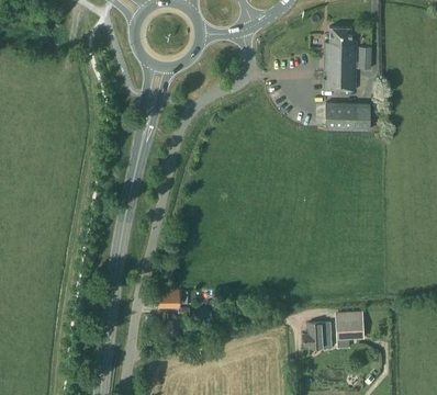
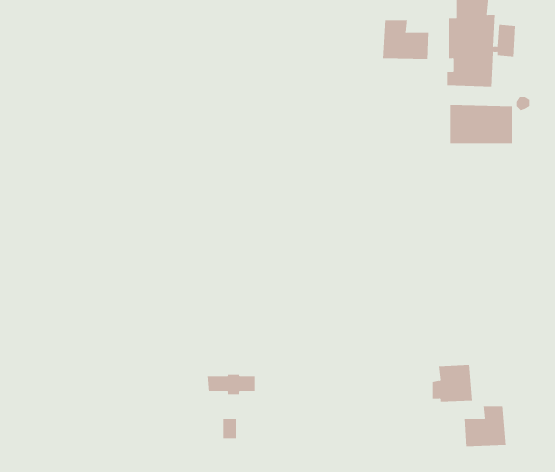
building: none -> [382,20,429,60]
building: [303,323,332,349] -> [432,364,473,402]

